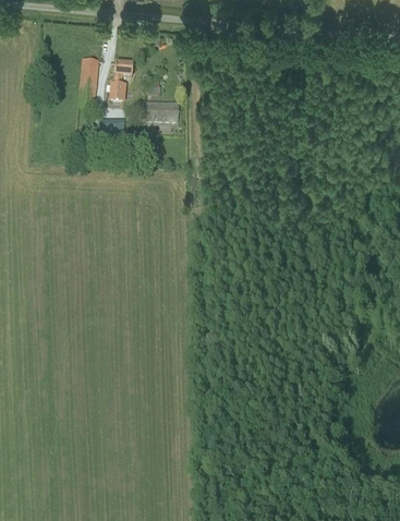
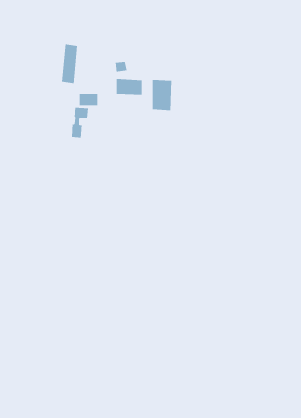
building: [111,60,133,98] -> [71,107,89,138]
building: none -> [152,79,172,111]

